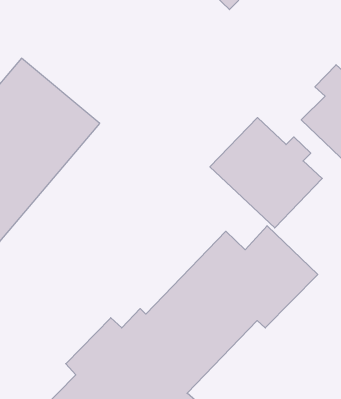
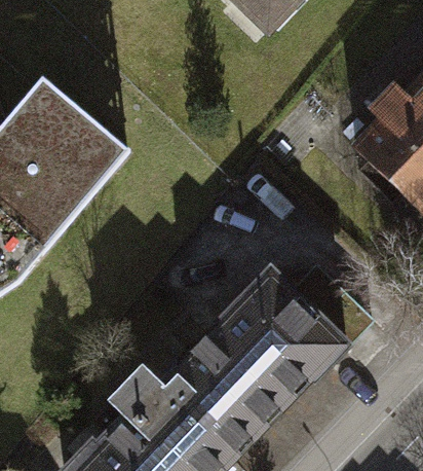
building: [210,118,322,228] -> none

